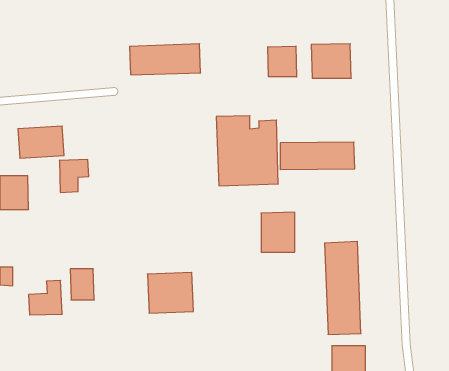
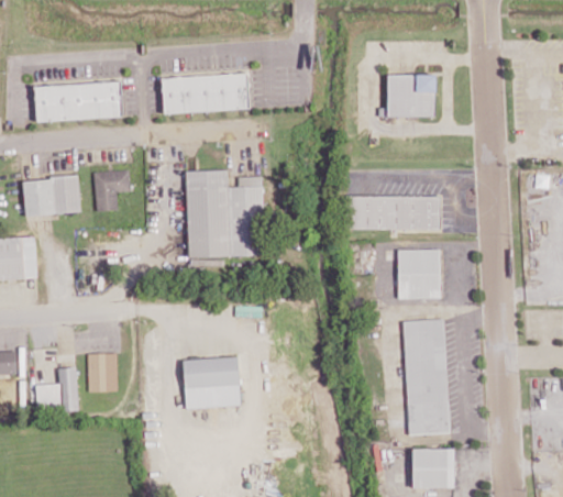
building: [268,46,297,77] -> none
building: none -> [35,81,123,121]
building: [216,116,278,186] -> [186,170,263,257]
building: [59,160,89,192] -> [95,170,131,211]
building: [261,212,295,252] -> [398,248,440,298]

